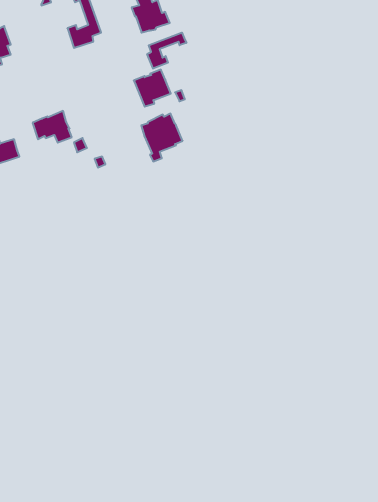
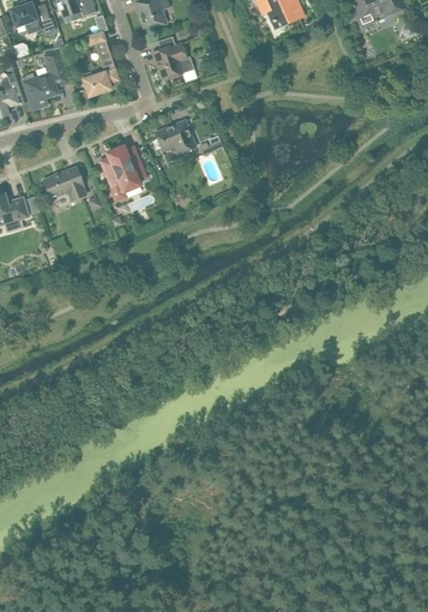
building: none -> [22,58,68,109]
building: [147,33,186,69] -> none
building: [141,114,183,161] -> [101,146,146,199]

